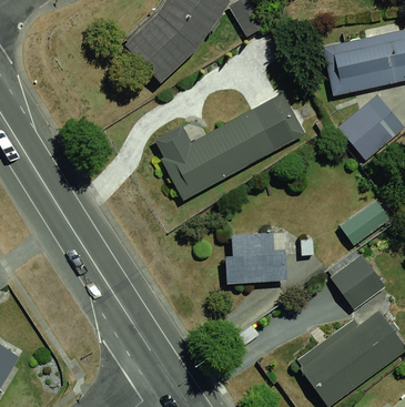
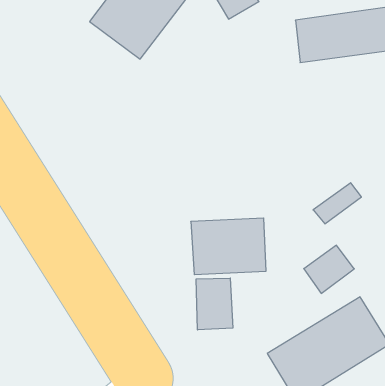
building: [149,94,295,206] -> none
building: [331,98,389,155] -> none
building: none -> [196,278,233,330]

